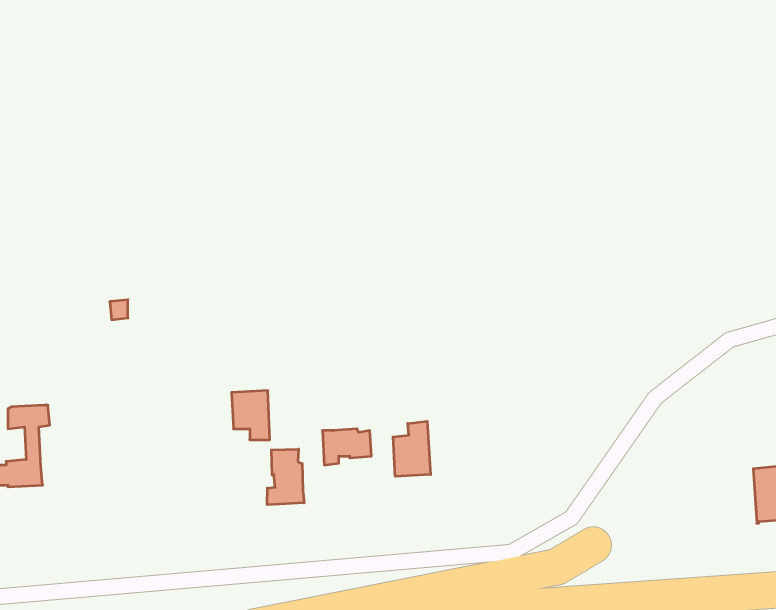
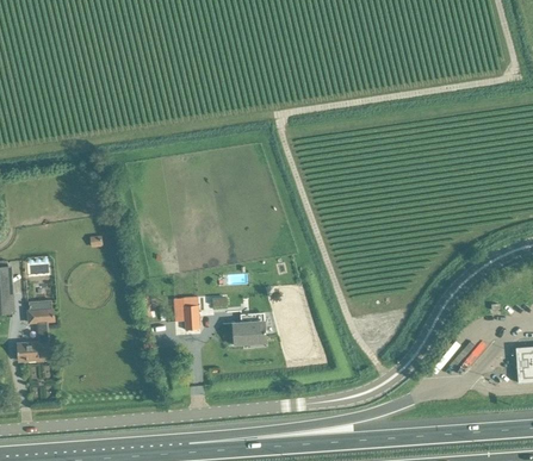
building: [393,421,431,476] -> none
building: [267,449,304,505] -> none

